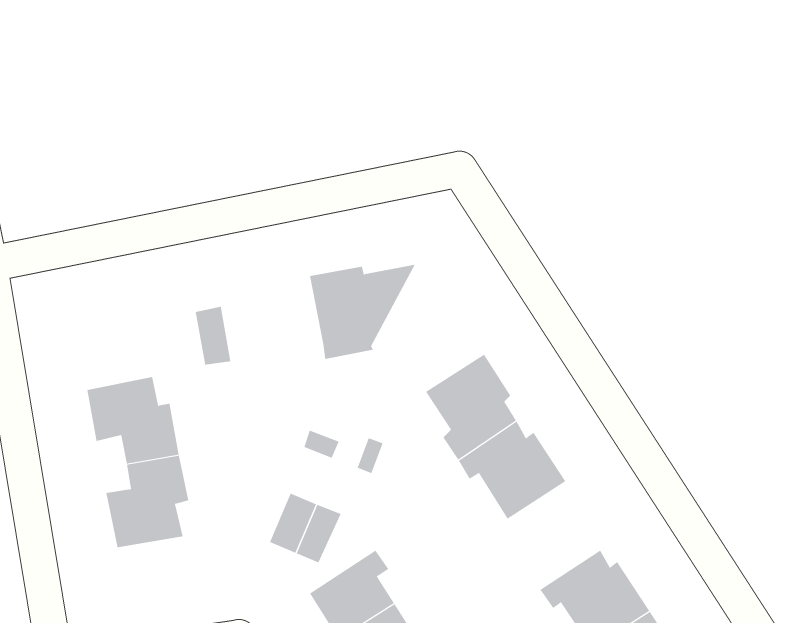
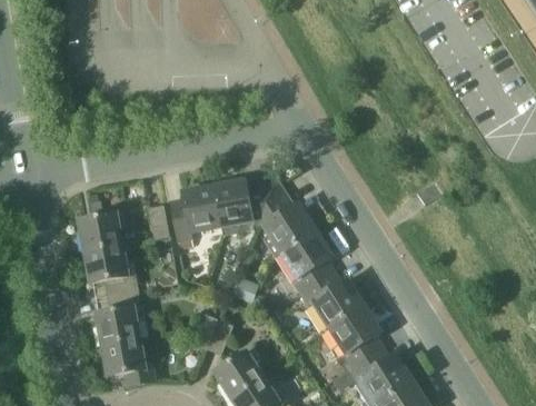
building: none -> [250,180,316,255]
building: none -> [169,187,221,247]
building: none -> [78,212,126,254]
building: none -> [329,307,384,370]
building: none -> [101,339,152,377]

